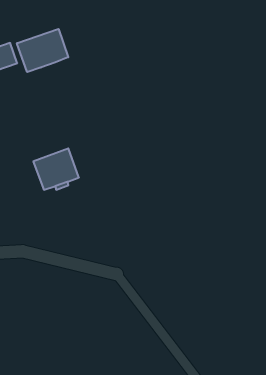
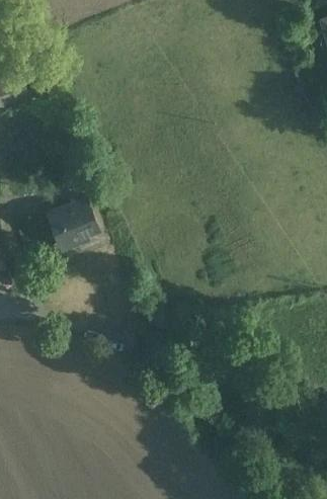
building: [17,29,68,72] -> none

